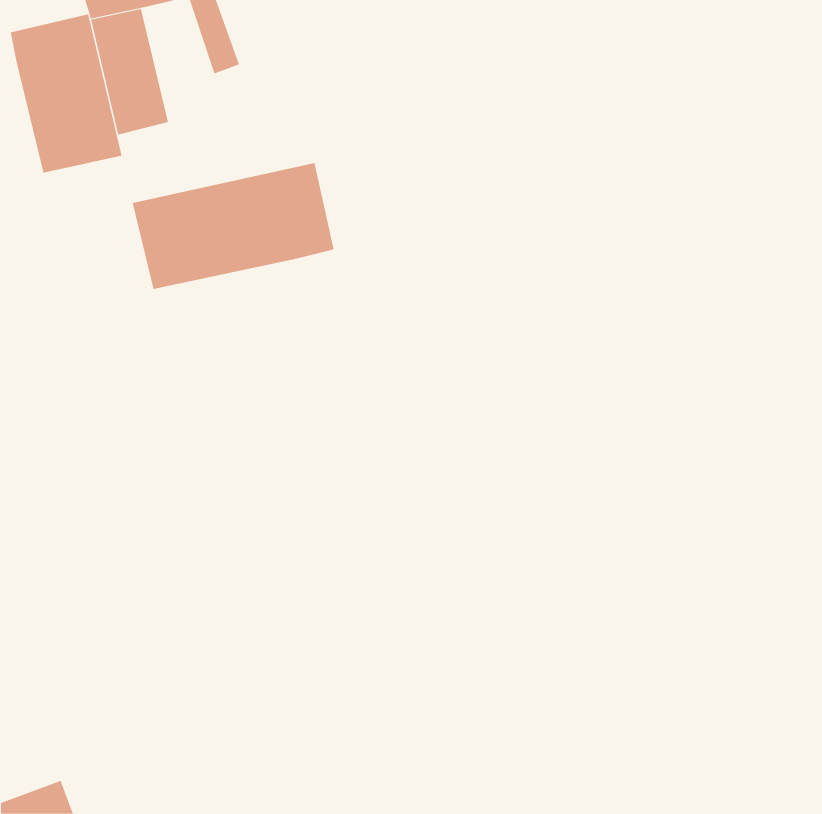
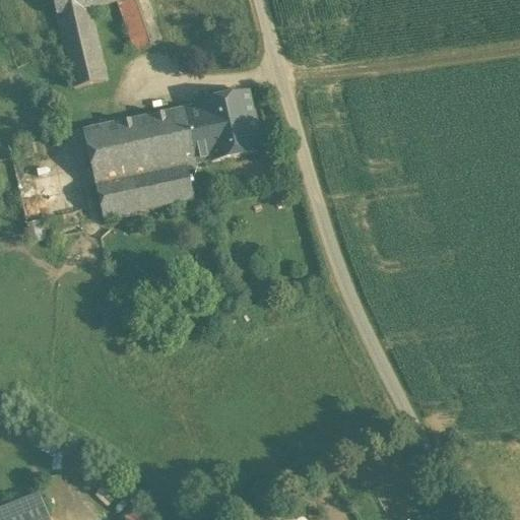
building: [10,14,122,173] -> none
building: none -> [198,89,262,159]
building: none -> [96,164,194,216]

